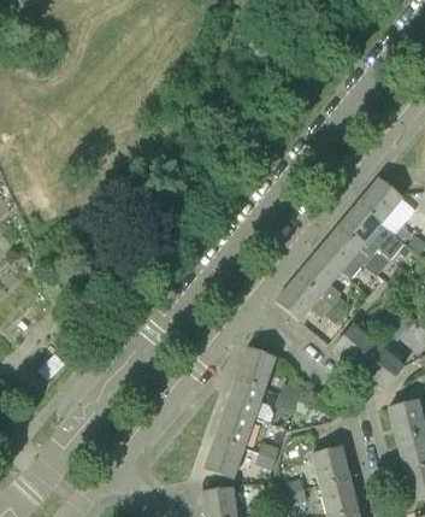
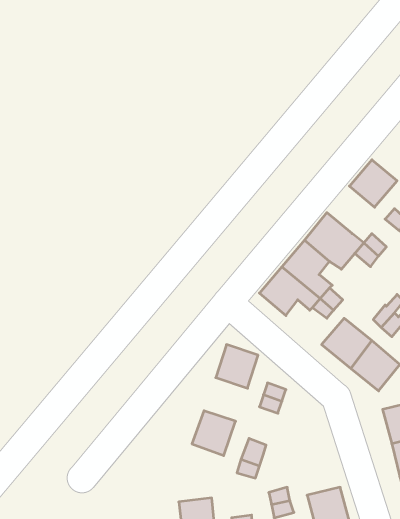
building: [337,202,380,246] -> none
building: [225,377,265,417] -> none
building: [203,437,243,478] -> none
building: [312,446,349,484] -> none

